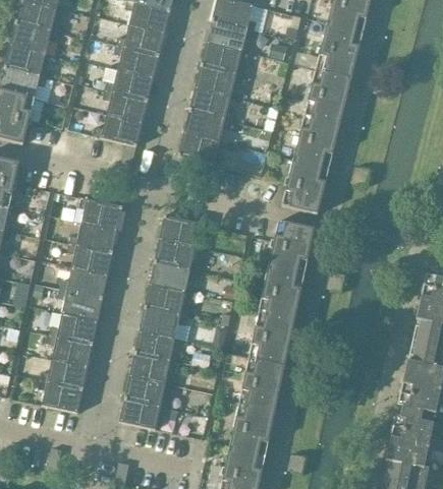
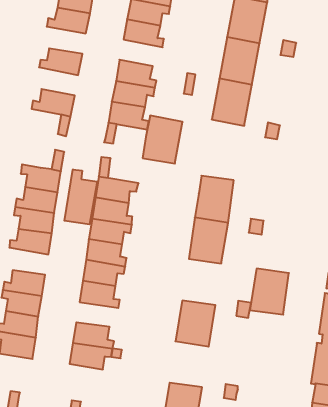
building: [114,45,159,77] -> none
building: [195,64,243,96] -> none
building: [103,89,148,123] -> none
building: [282,159,329,213] -> [143,116,183,164]
building: none -> [64,169,97,224]
building: [58,288,103,320] -> none
building: [248,312,294,365] -> [250,269,289,315]
building: [129,353,177,382] -> none
building: [229,403,275,455] -> none

